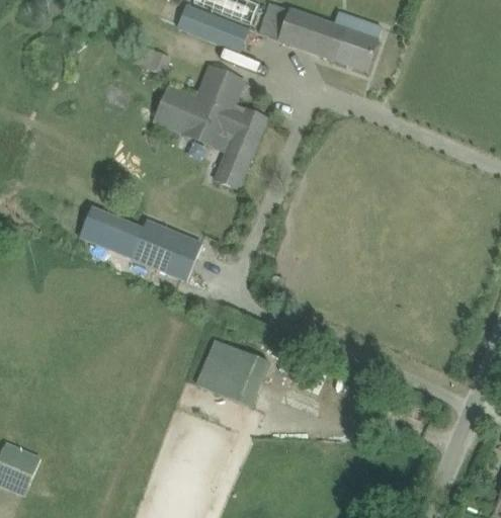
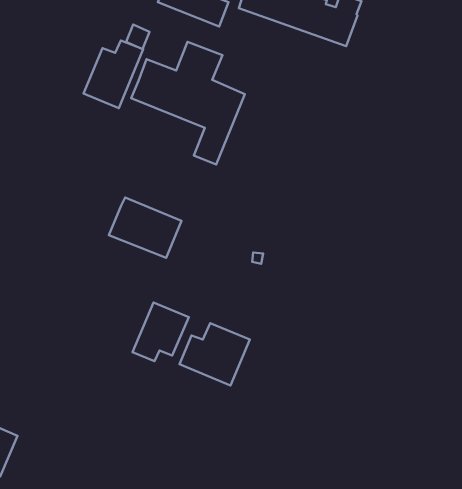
building: none -> [84,40,143,108]
building: [79,207,143,258] -> none
building: none -> [133,302,189,361]

